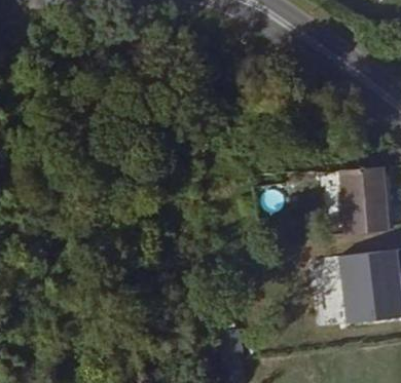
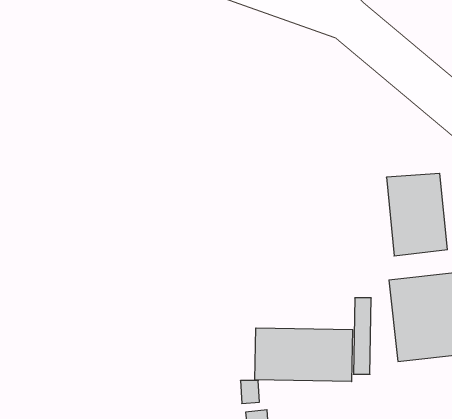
building: none -> [255,328,353,382]

